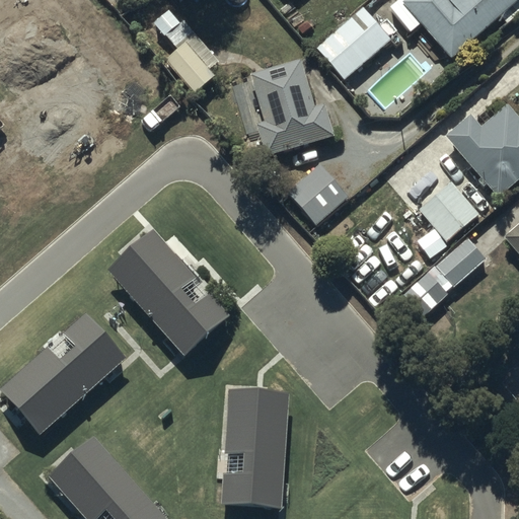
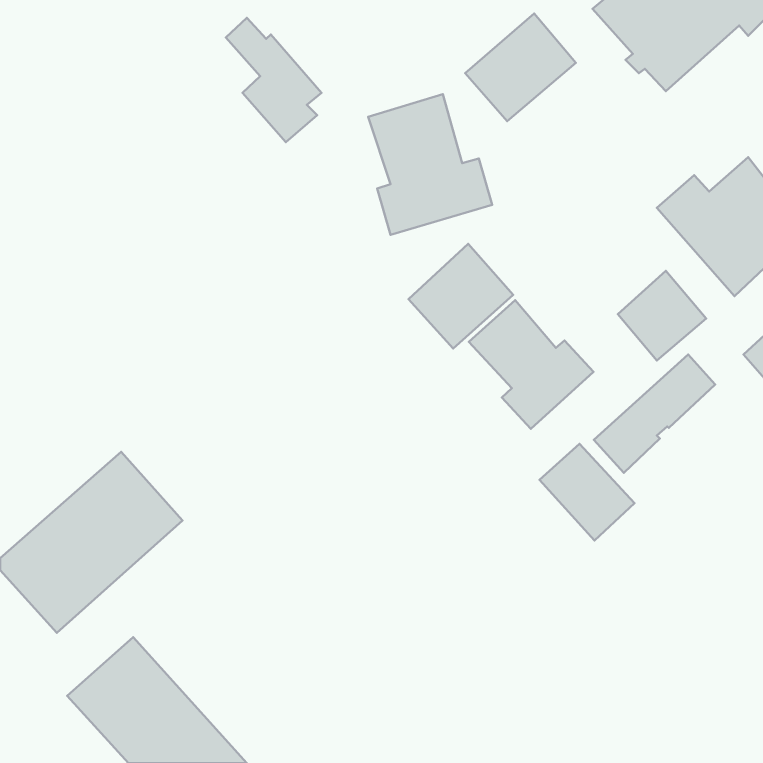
building: none -> [469,300,593,429]
building: [105,225,227,350] -> none
building: none -> [539,444,635,540]
building: [221,384,287,503] -> none

